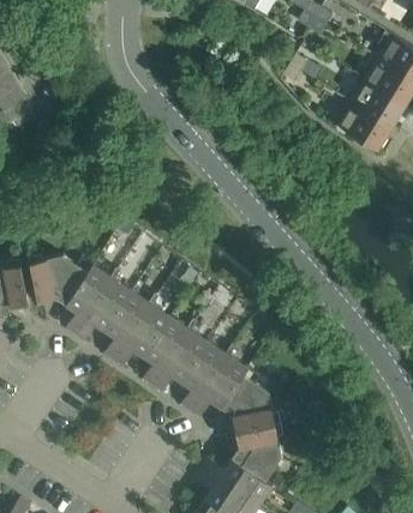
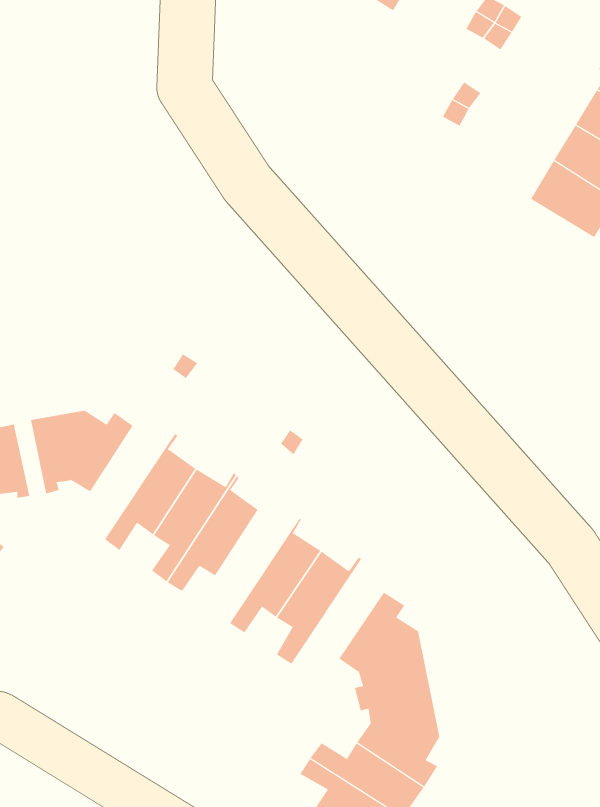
building: [66,264,119,333] -> none
building: [143,315,196,385] -> none
building: [191,345,247,416] -> none

